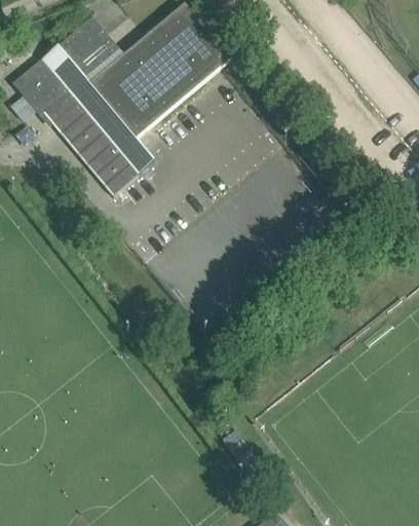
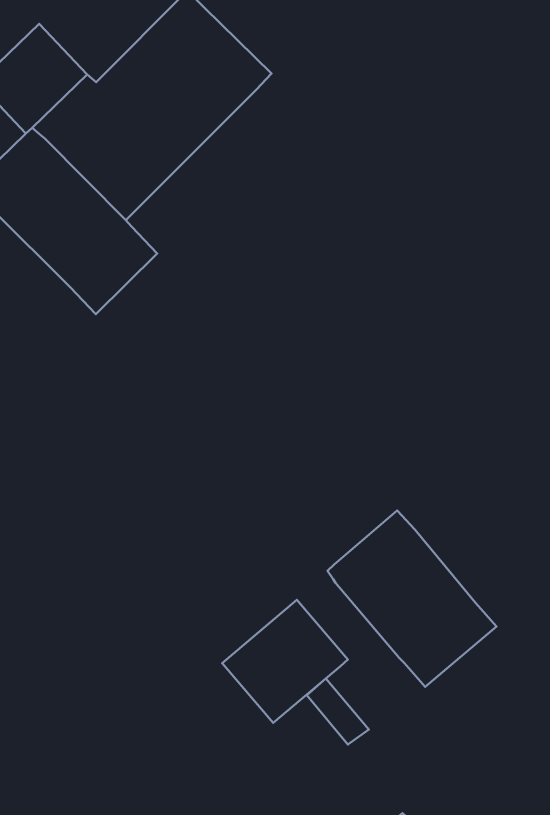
building: none -> [328,510,496,687]
building: none -> [222,600,348,723]

